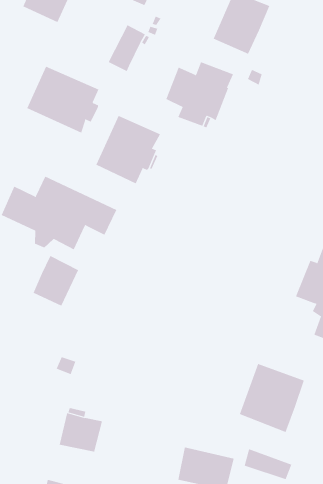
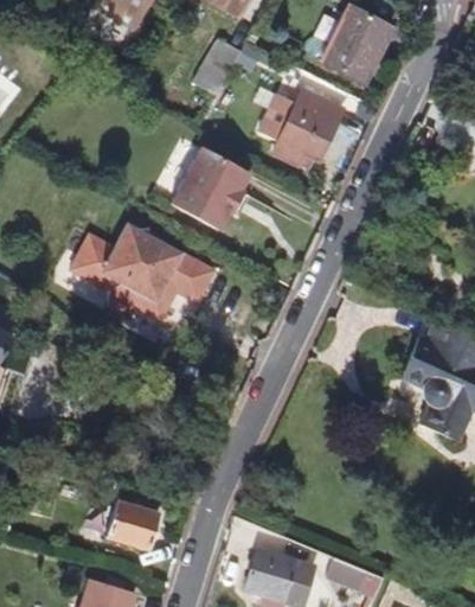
building: [27,66,99,134] -> none
building: [33,255,79,307] -> none
building: [239,363,305,433] -> none

